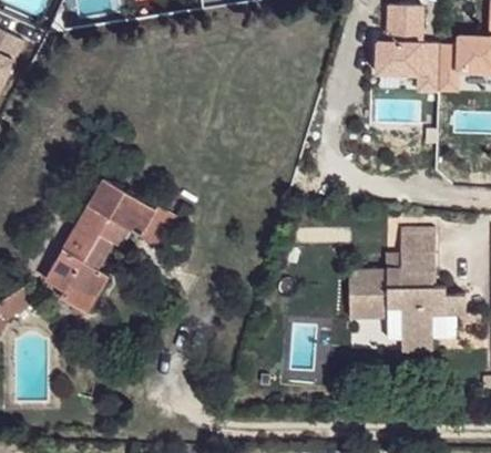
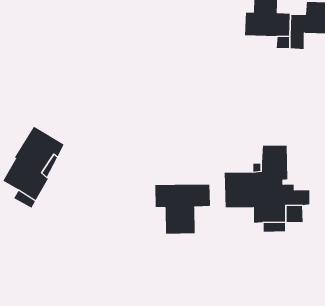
building: [88,174,175,245] -> none
building: none -> [155,184,210,235]

